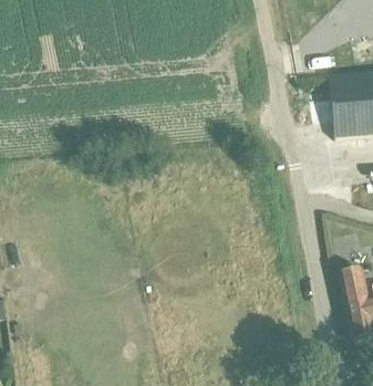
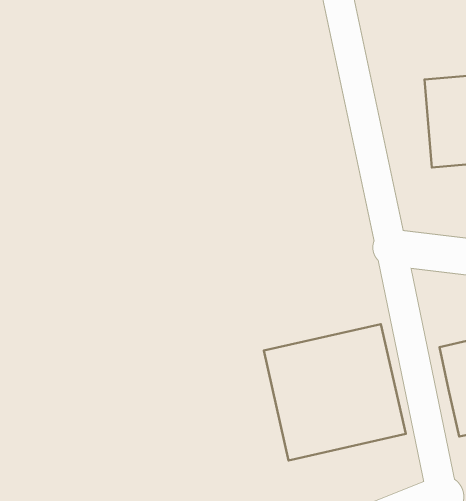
building: none -> [264,324,406,460]

